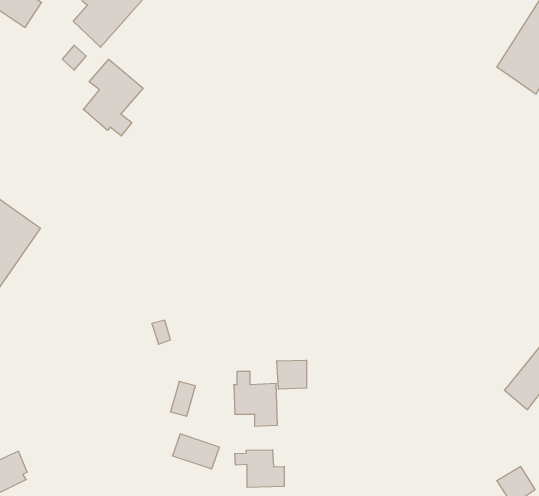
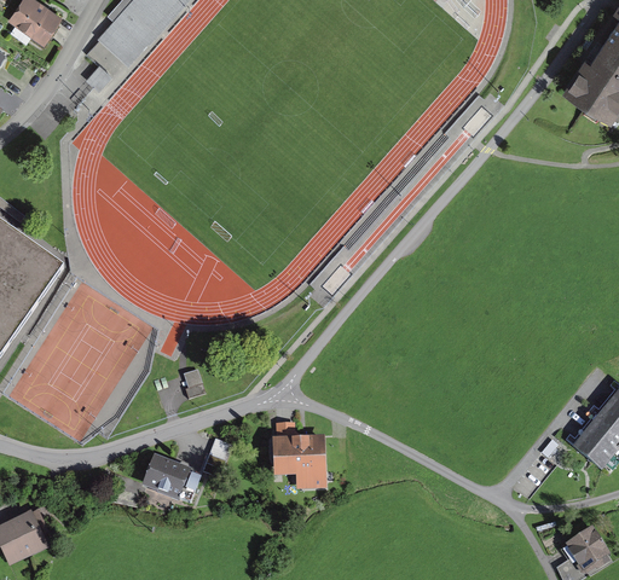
building: [83,59,143,136] -> none
building: [277,360,307,389] -> none
building: [172,434,219,469] -> [146,459,198,498]
building: [235,450,284,487] -> none

